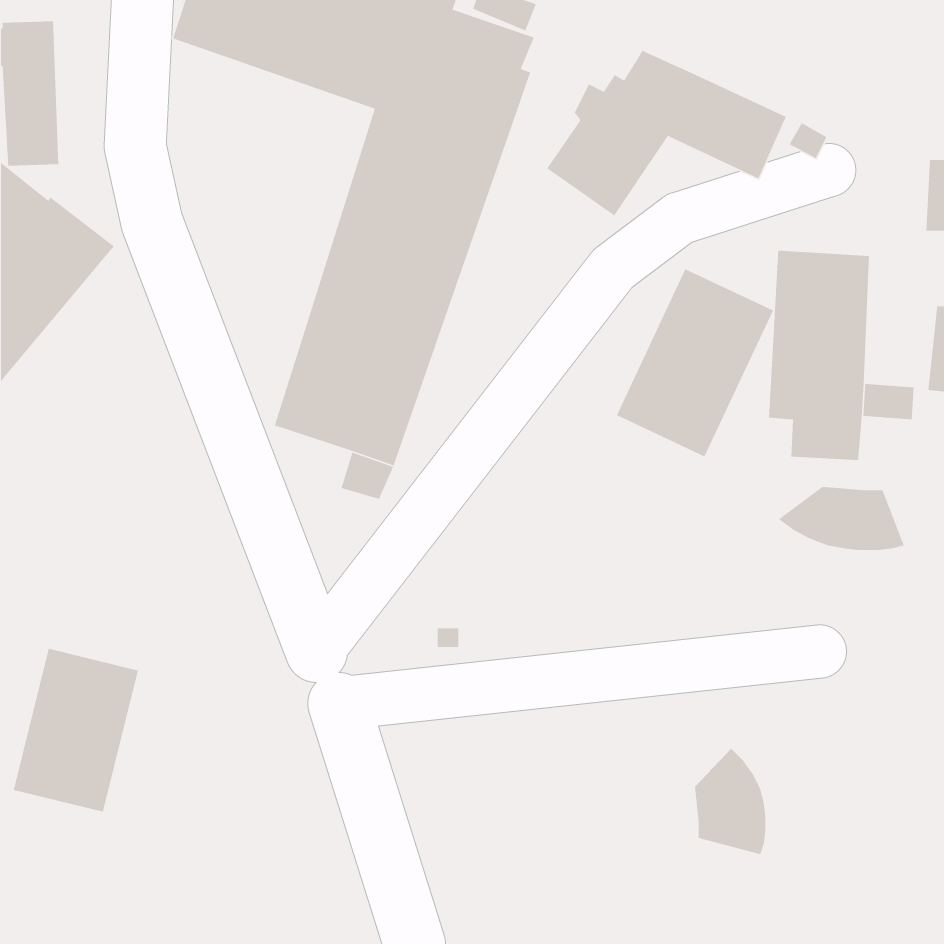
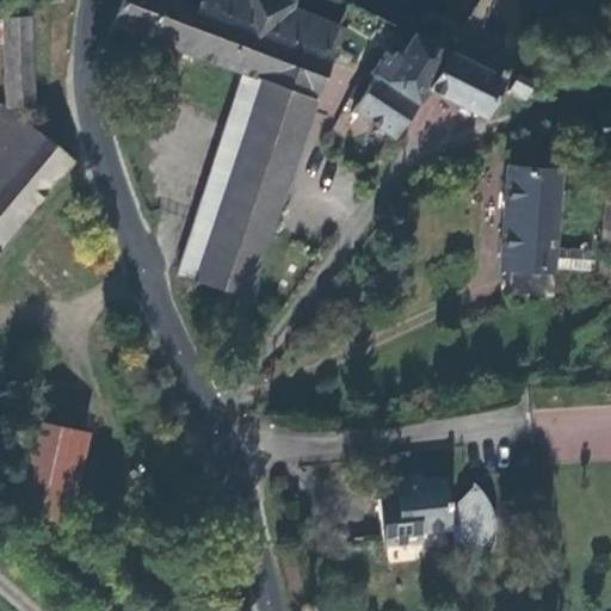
building: [616,268,774,457] -> none
building: [778,486,905,551] -> none
building: none -> [377,475,451,547]

